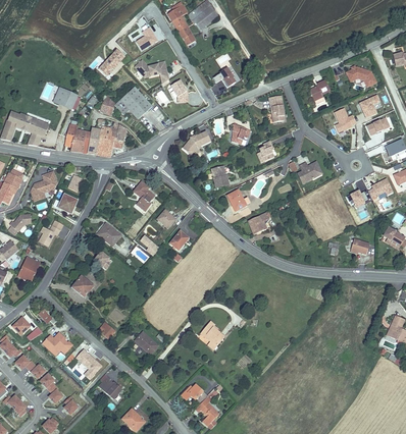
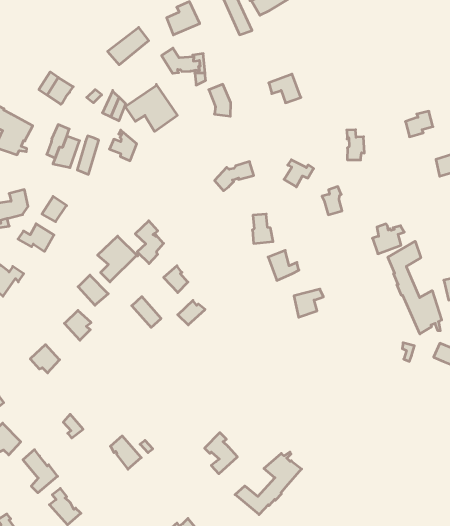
building: [96,125,123,156] -> none
building: none -> [388,241,442,334]
building: none -> [98,236,138,282]
building: none -> [235,452,302,515]

